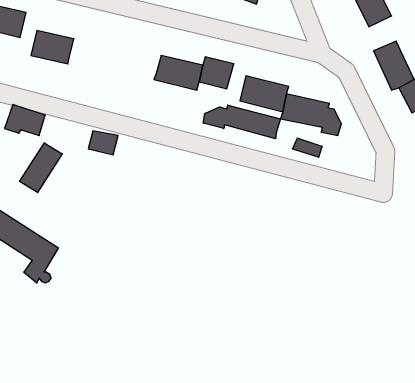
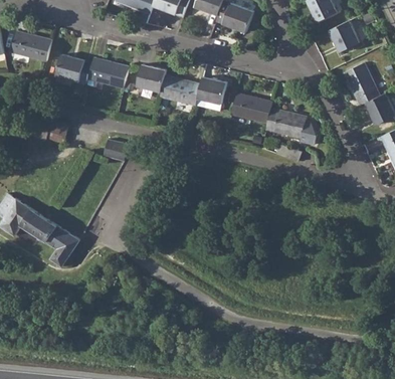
building: none -> [87,57,129,86]
building: none -> [137,64,166,90]
building: [203,105,280,139] -> none
building: [20,143,62,193] -> none

